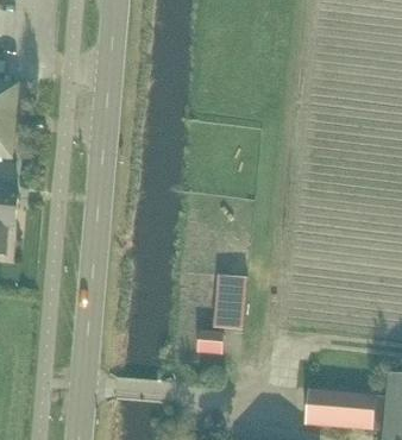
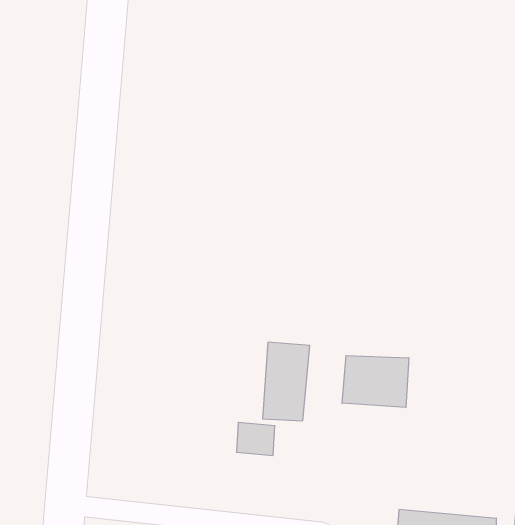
building: none -> [342,356,409,408]

